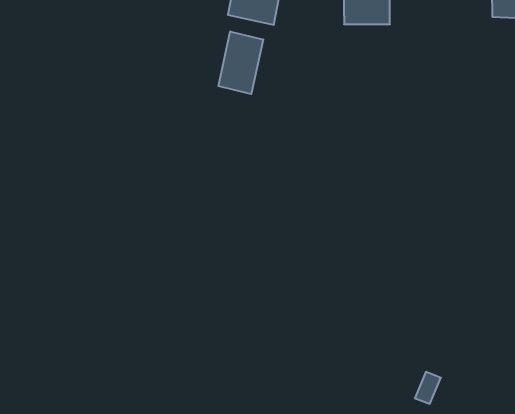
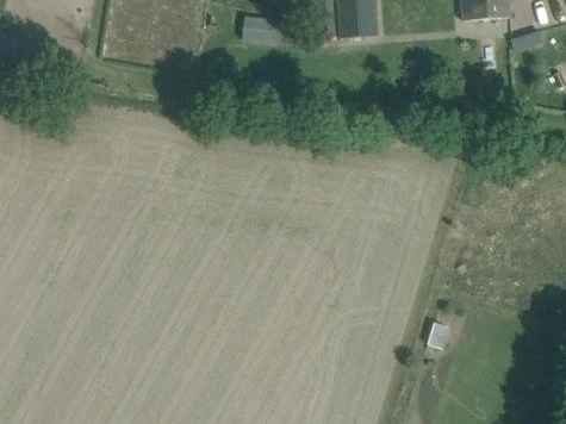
building: [218,31,263,94] -> none

